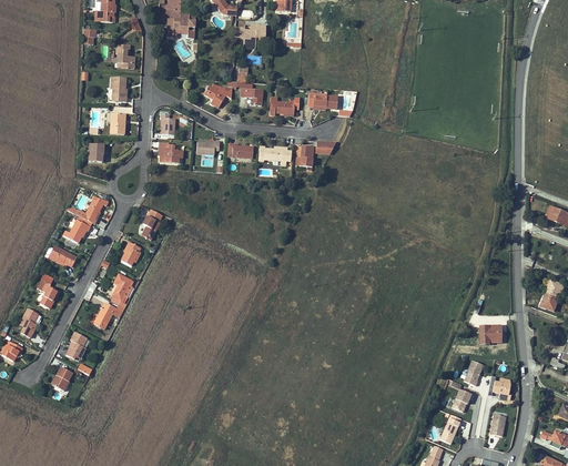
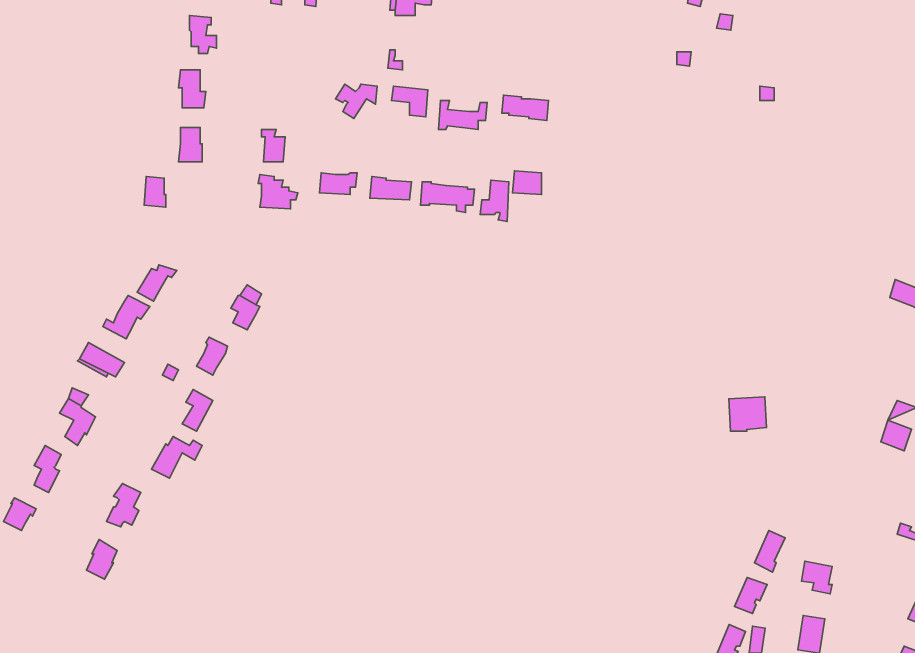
building: [479,322,503,343] -> [729,397,767,431]

